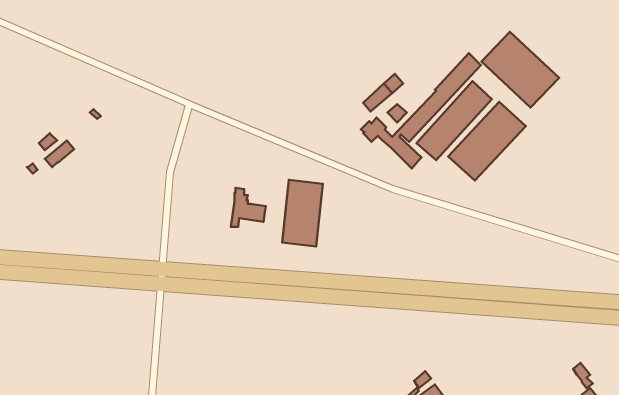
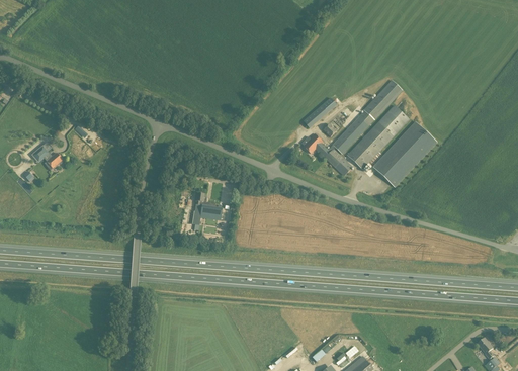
building: [481,32,559,108] -> none
building: [282,180,323,247] -> none

